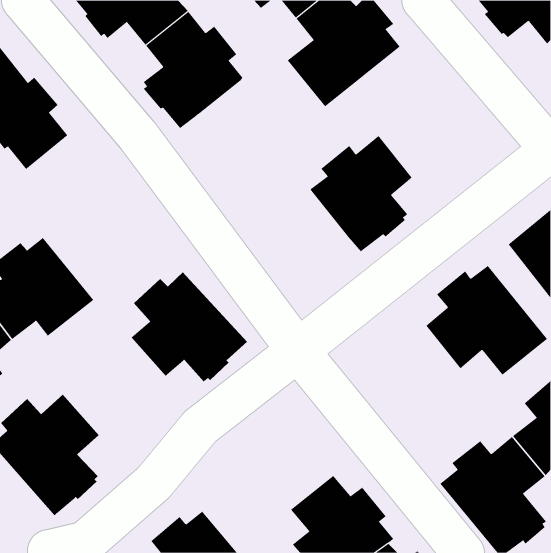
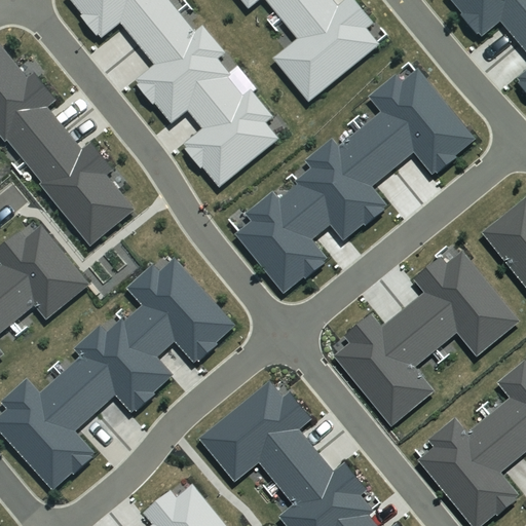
building: none -> [360,69,476,174]
building: none -> [184,76,279,187]
building: none -> [25,128,135,246]
building: none -> [235,184,330,293]
building: none -> [332,309,437,427]
building: none -> [60,318,173,413]
building: none -> [199,382,316,484]

